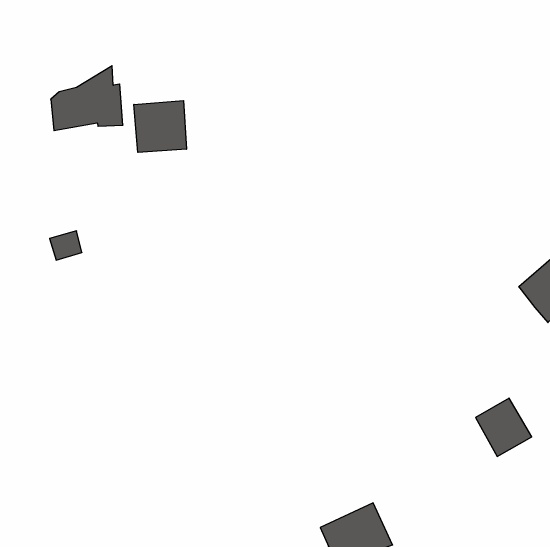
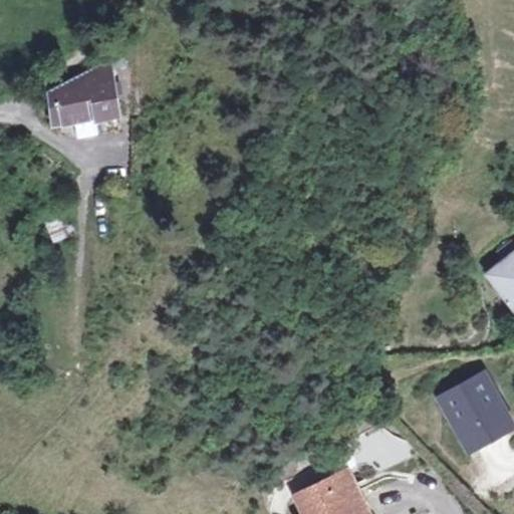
building: [134,101,186,152] -> none
building: none -> [439,371,508,445]

